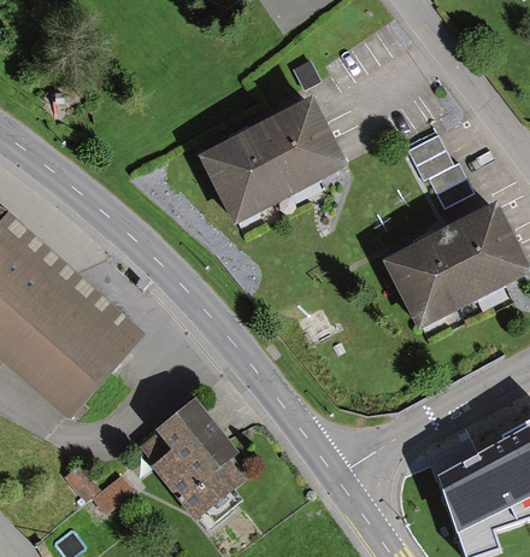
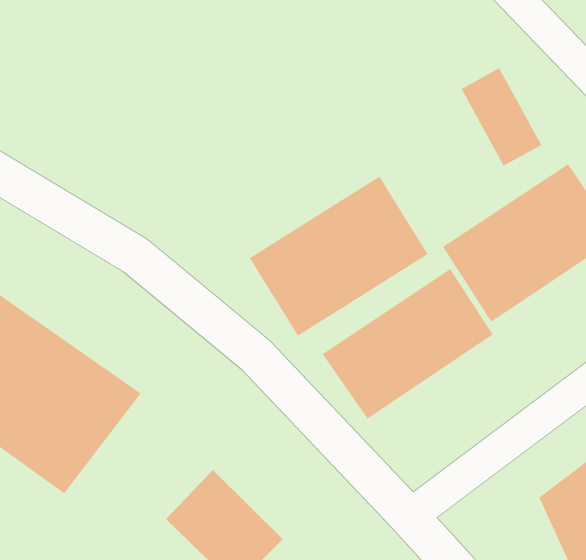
building: [200,100,342,219] -> [249,176,429,337]
building: none -> [322,268,494,420]

